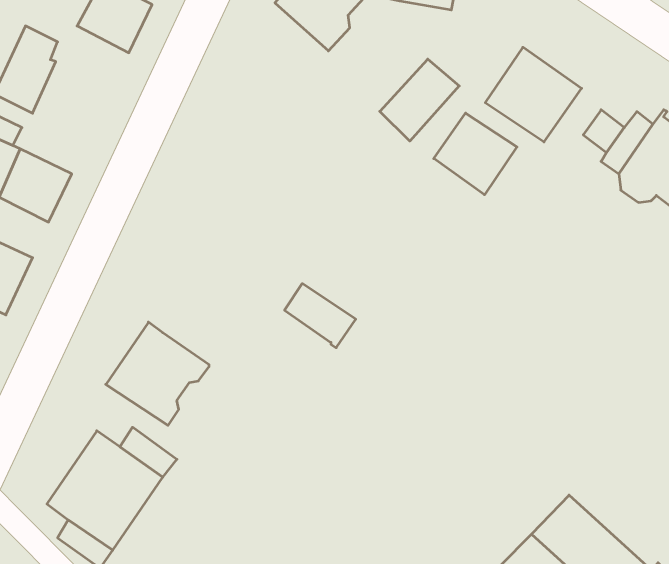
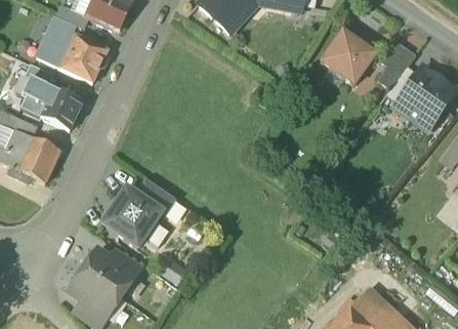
building: none -> [60,35,109,82]
building: [380,59,459,141] -> none
building: none -> [379,38,416,75]
building: [434,113,517,195] -> none
building: [285,284,356,348] -> [135,177,176,214]

